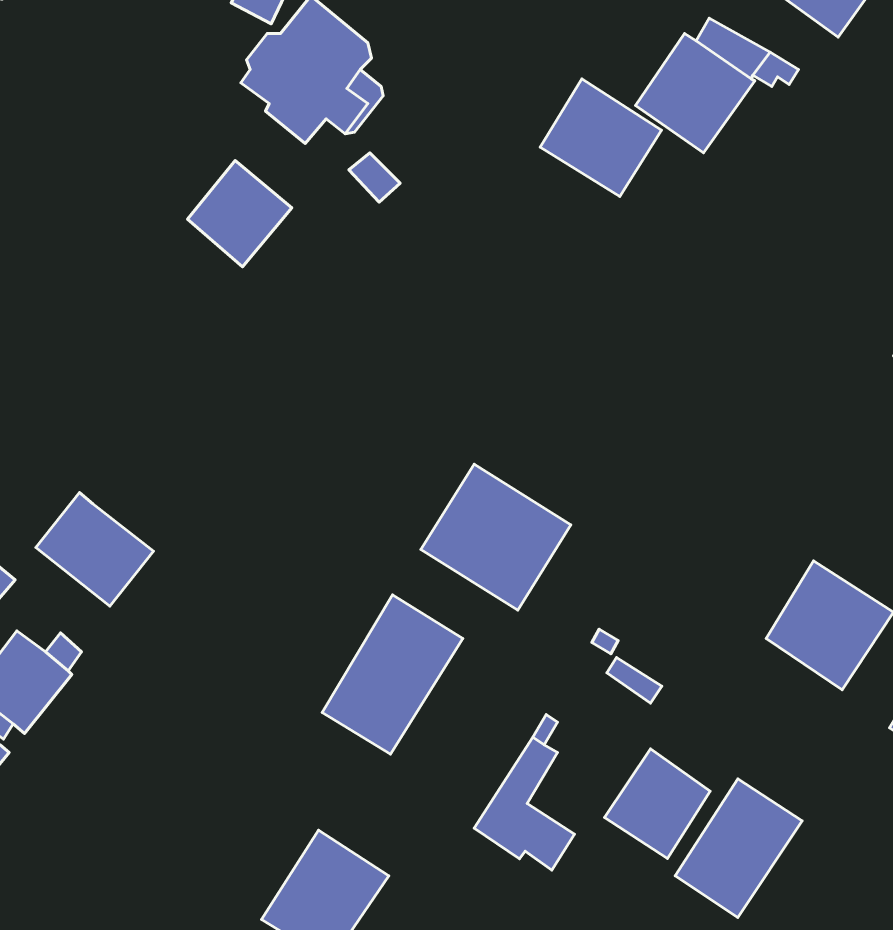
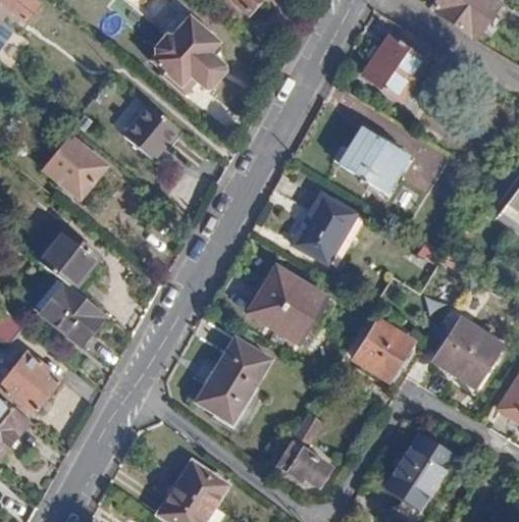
building: [540,79,661,197] -> [340,127,405,191]
building: none -> [44,136,107,198]
building: none -> [293,193,358,264]
building: none -> [37,228,98,288]
building: none -> [356,318,413,378]
building: [605,749,710,858] -> none

